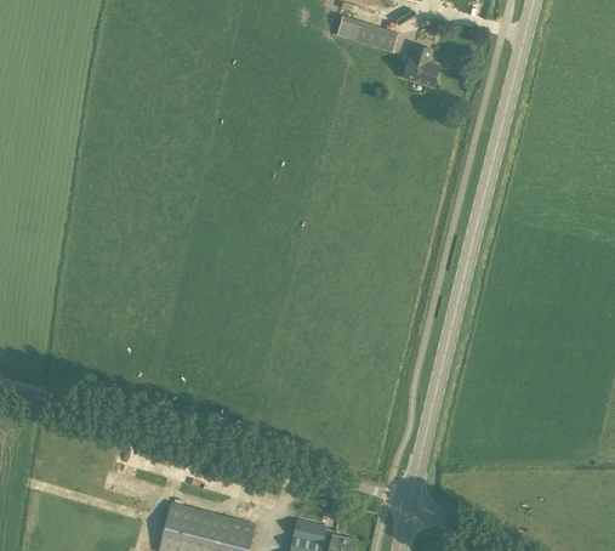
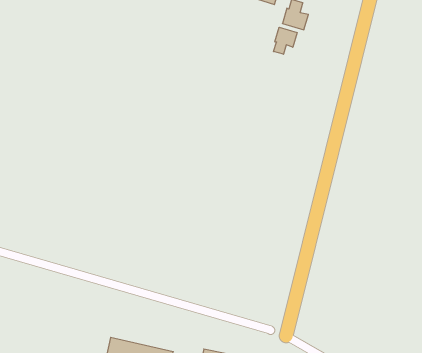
building: none -> [274,27,297,54]

